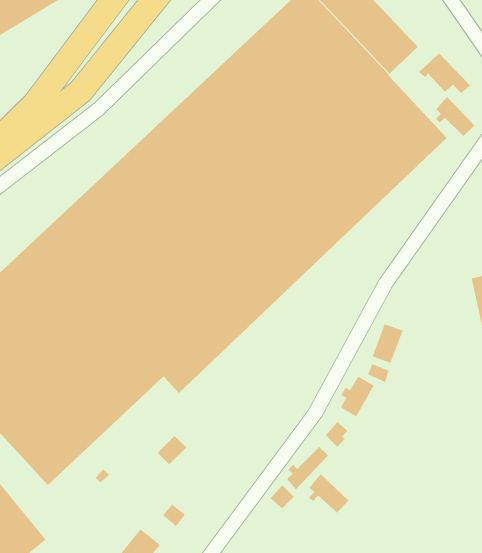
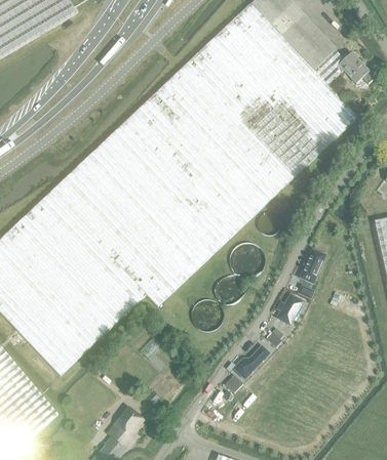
building: [435,96,475,137] -> none
building: [308,473,349,513] -> none

